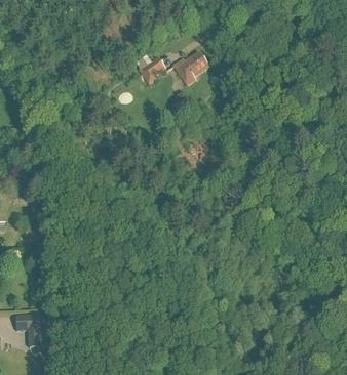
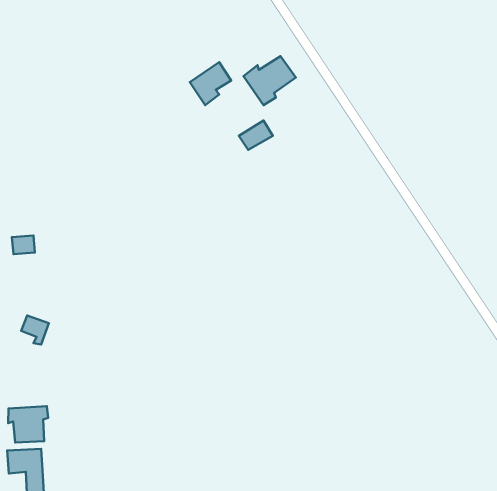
building: none -> [8,406,48,443]

